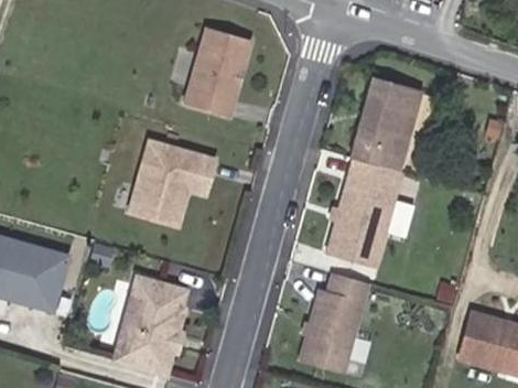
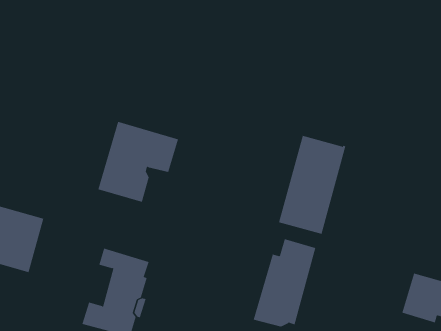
building: [187,25,258,120] -> none
building: [349,76,420,171] -> none

